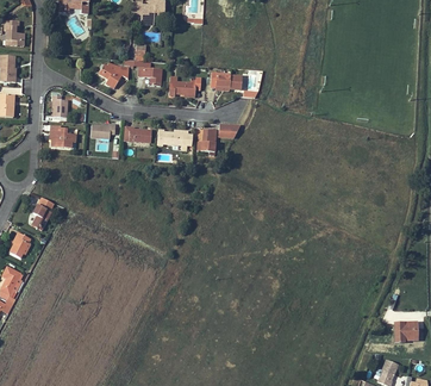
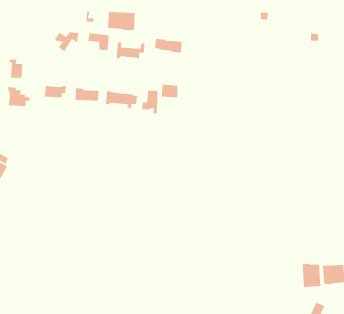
building: none -> [107,11,136,31]
building: none -> [302,263,321,288]

